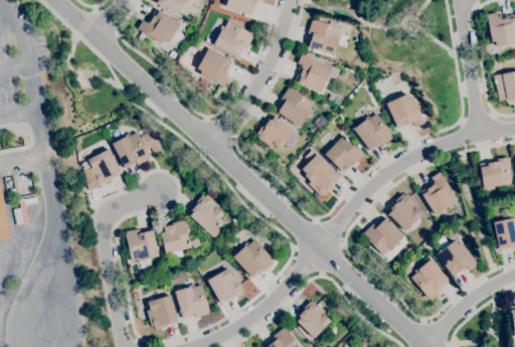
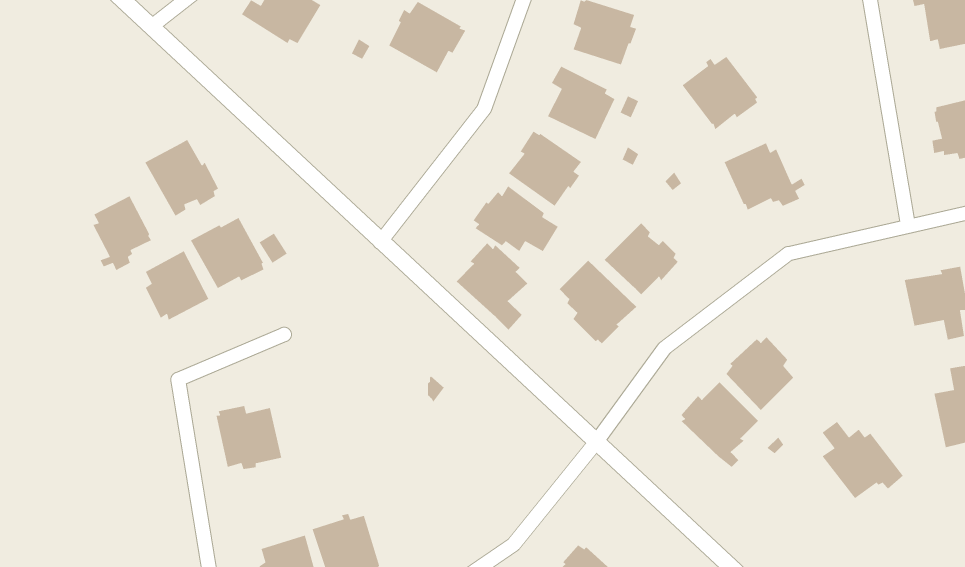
building: [198,47,233,88] -> none
building: none -> [144,139,219,217]
building: [354,114,393,152] -> [682,56,758,130]
building: none -> [92,195,152,271]
building: [420,172,456,215] -> none
building: [188,193,225,238] -> [456,242,528,331]
building: [162,220,202,259] -> none
building: [233,238,275,279] -> none
building: [411,258,451,300] -> none
building: [208,268,244,304] -> none

